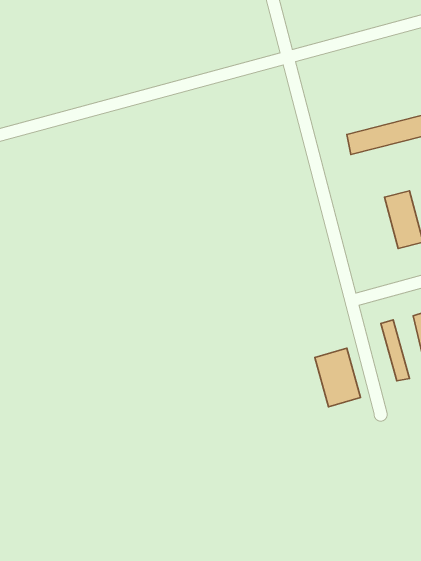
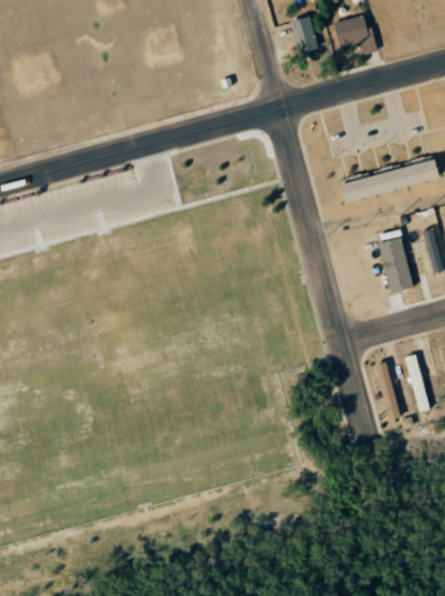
building: [315,348,360,407] -> none

